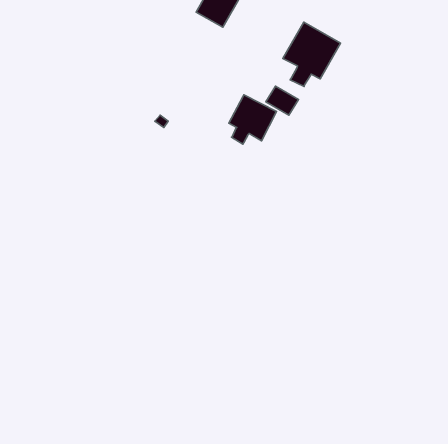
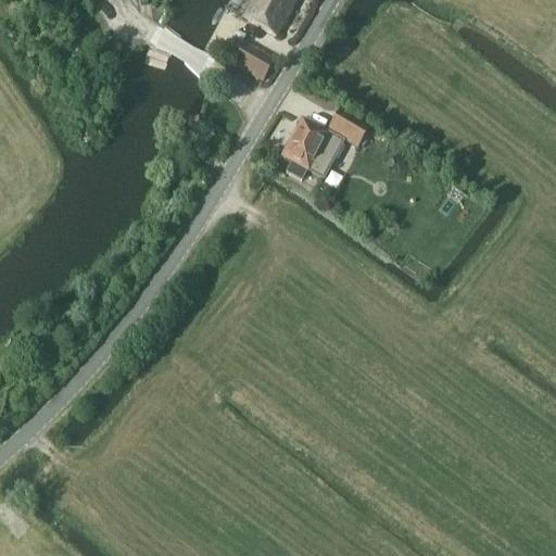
building: [283,22,340,86] -> none
building: none -> [228,38,274,78]

